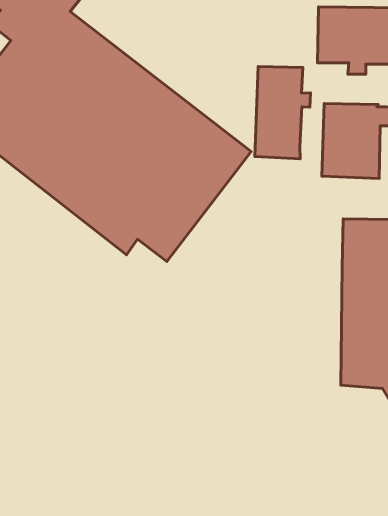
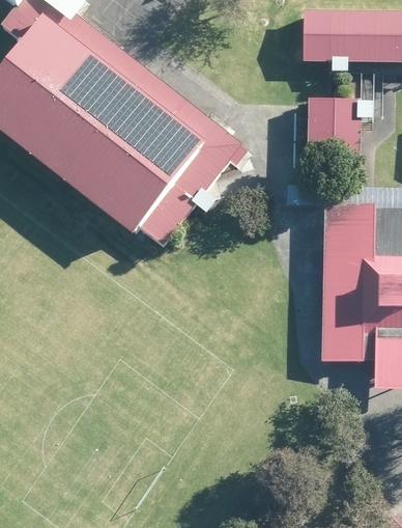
building: [255,66,310,159] -> none

